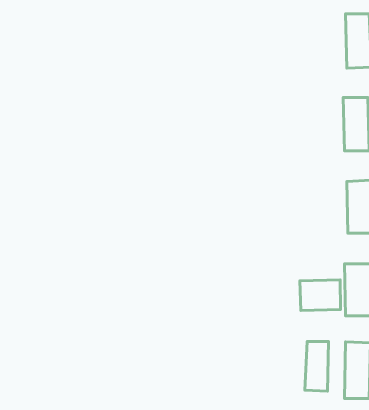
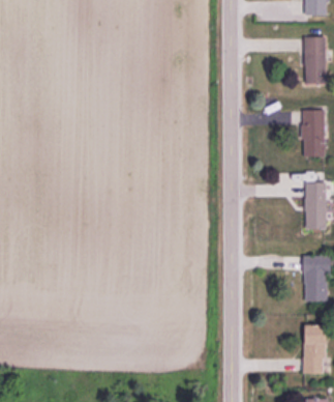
building: [300,280,340,310] -> none
building: [305,341,329,391] -> none

